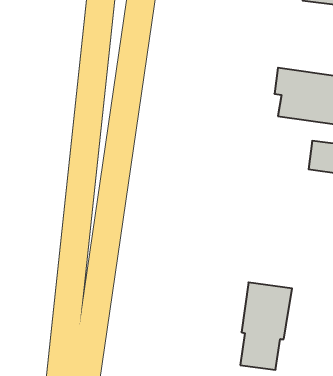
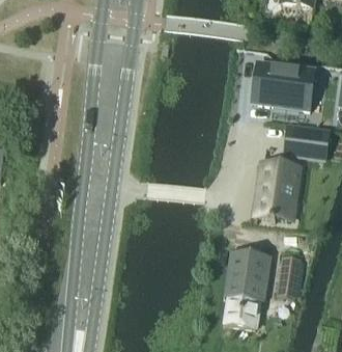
building: none -> [258,161,298,220]
building: none -> [278,254,301,297]

